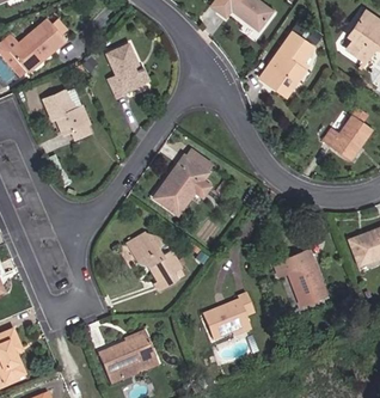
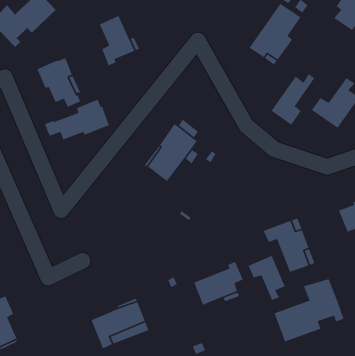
building: none -> [271,73,315,126]
building: none -> [44,99,110,140]
building: [125,232,180,290] -> none
building: none -> [248,255,286,301]
building: none -> [274,278,344,343]

